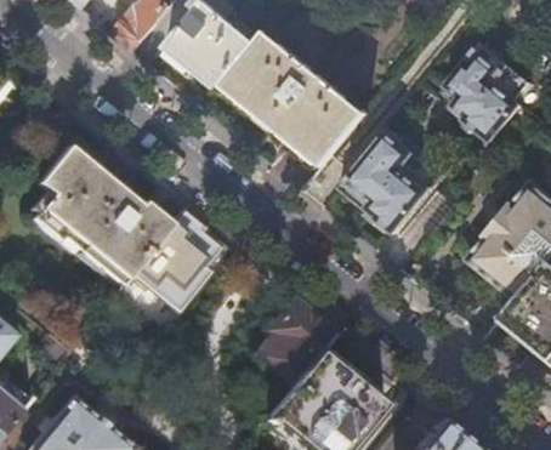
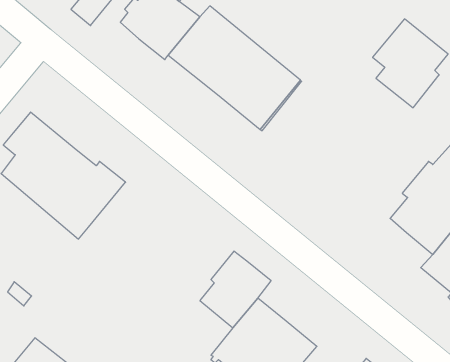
building: [337,132,431,234] -> none
building: [130,212,217,314] -> none

